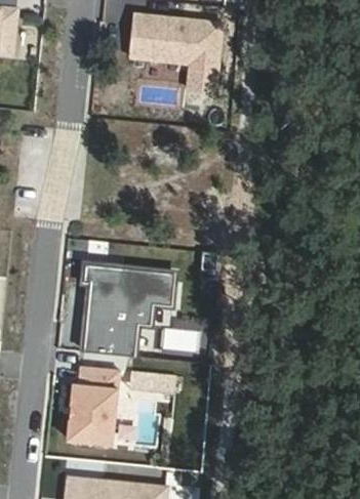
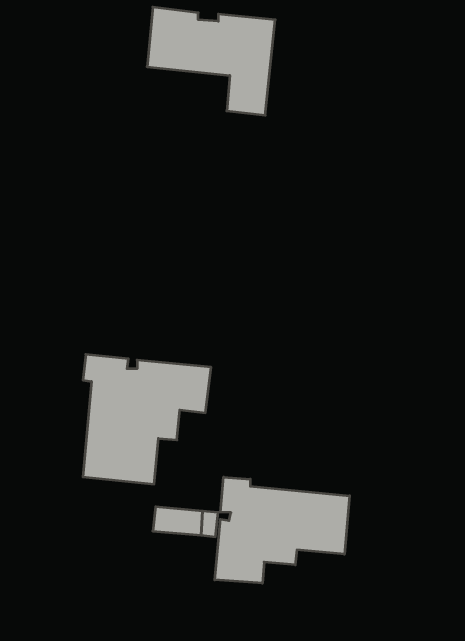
building: none -> [215,477,350,583]
building: [67,366,124,444] -> none

